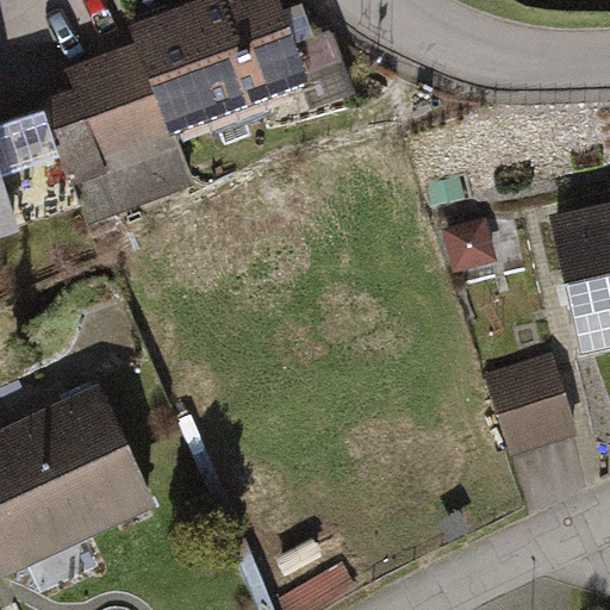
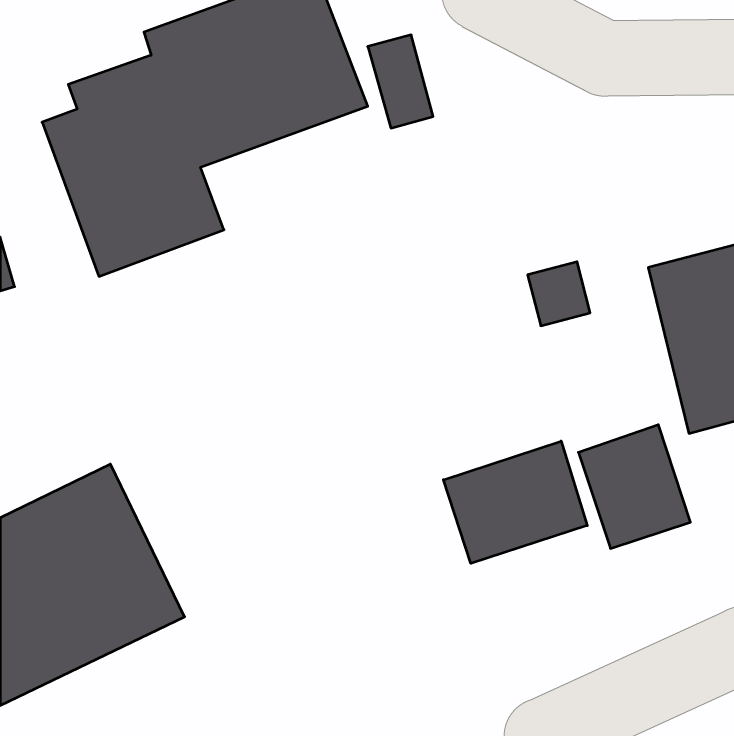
building: none -> [443,441,587,563]

